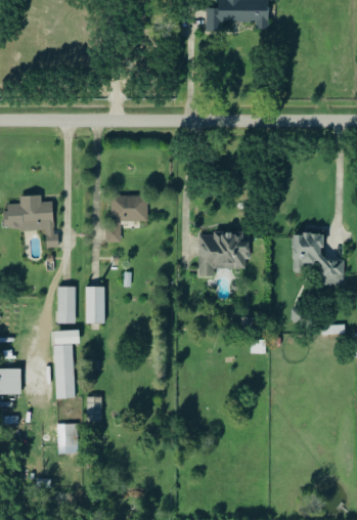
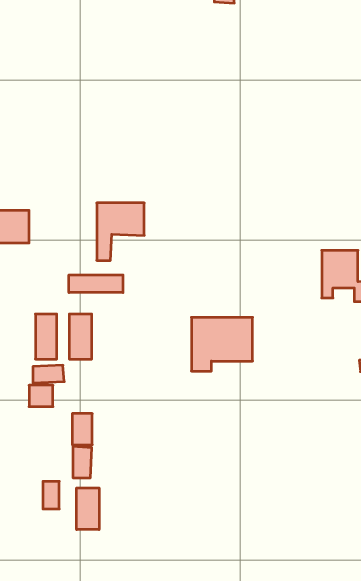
building: [197,233,248,277] -> [191,317,253,371]
building: none -> [69,275,123,293]
building: [56,365,73,391] -> [72,414,92,445]
building: none -> [77,488,99,530]

